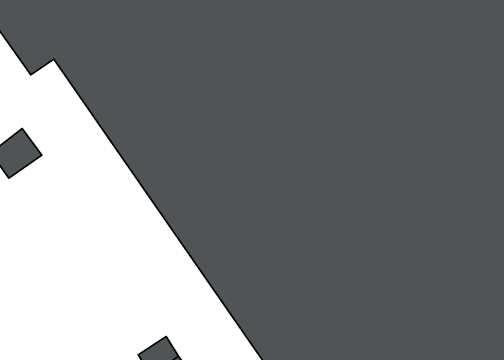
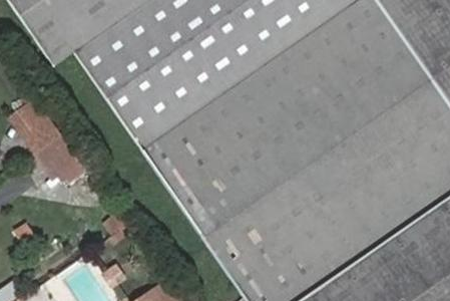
building: none -> [36,129,81,175]

